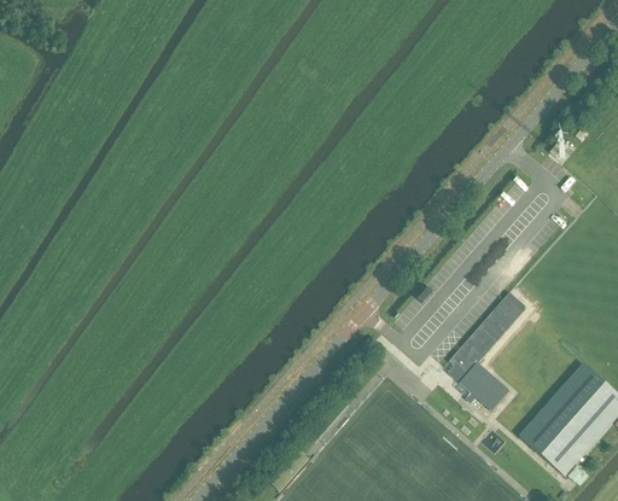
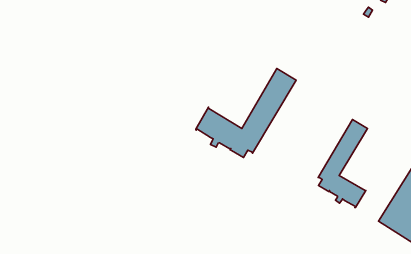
building: none -> [196,69,296,157]

